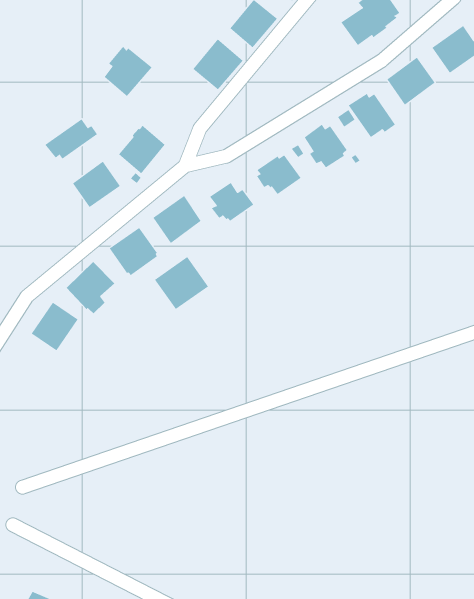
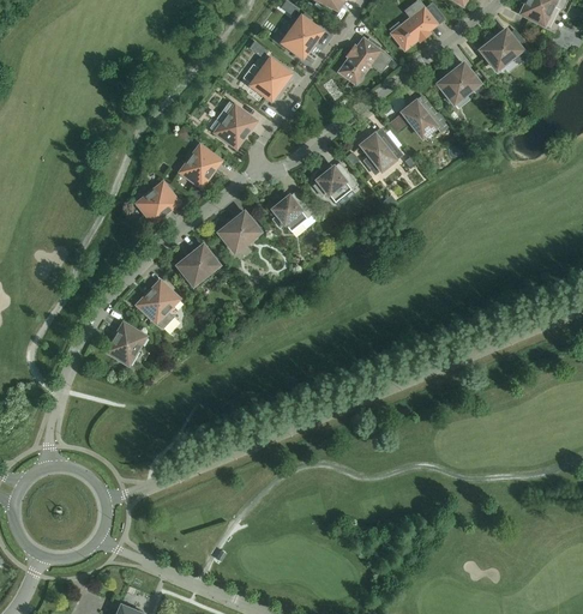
building: none -> [336,35,389,86]
building: [104,46,152,97] -> [212,101,259,150]
building: [44,118,98,159] -> none
building: [154,256,209,310] -> none

